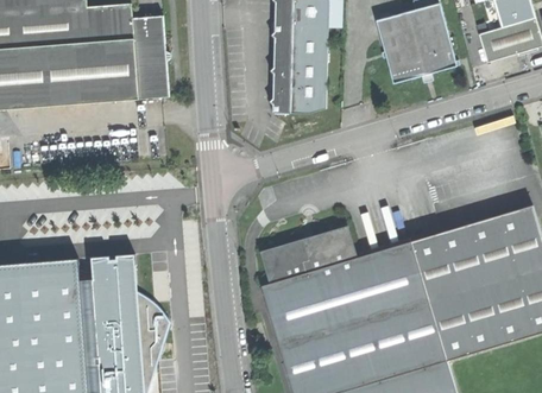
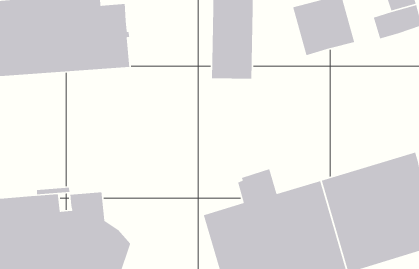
building: [263,239,314,283] -> none

